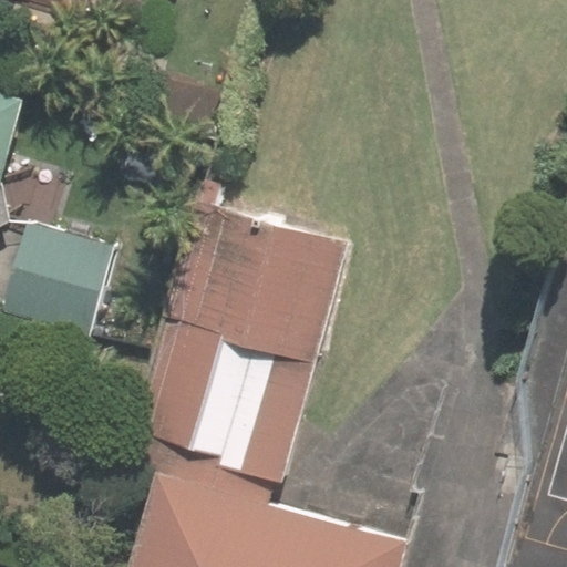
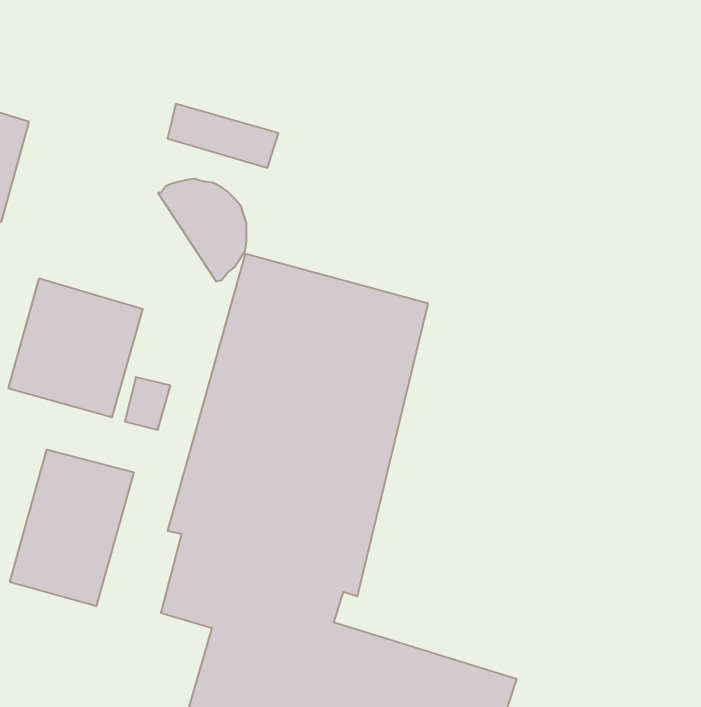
building: none -> [10,450,134,606]

